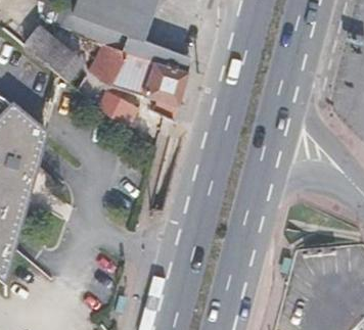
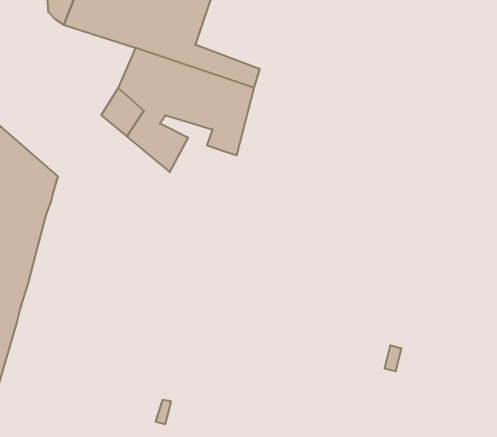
building: [26,27,83,80] -> none

